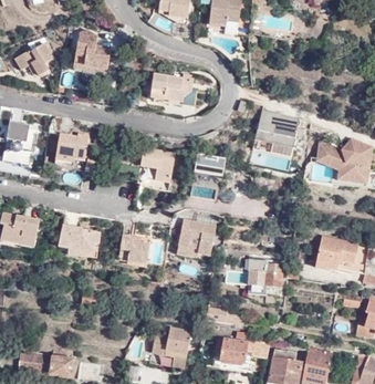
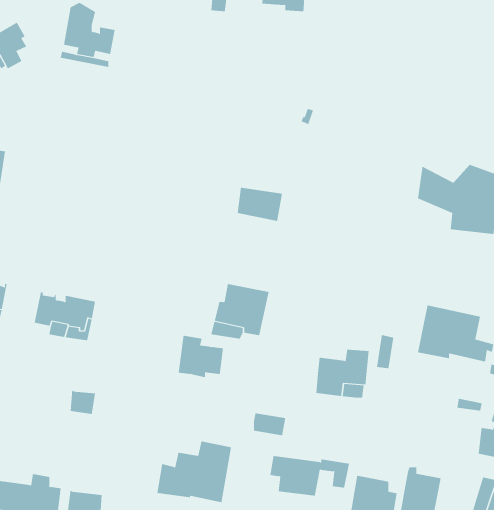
building: [150,72,197,105] -> none
building: [252,110,299,158] -> none
building: [54,133,88,164] -> none
building: [139,149,174,193] -> none
building: [118,233,149,262] -> [178,335,224,378]

